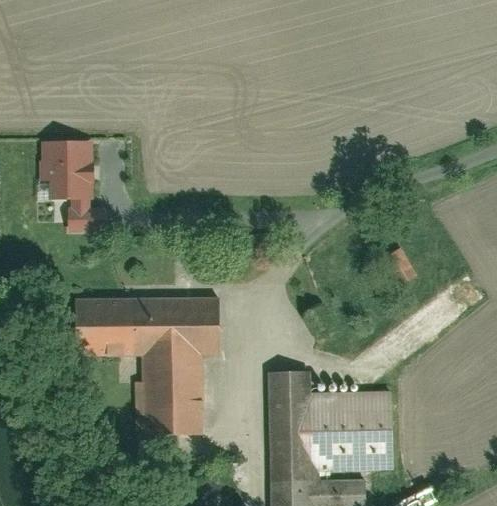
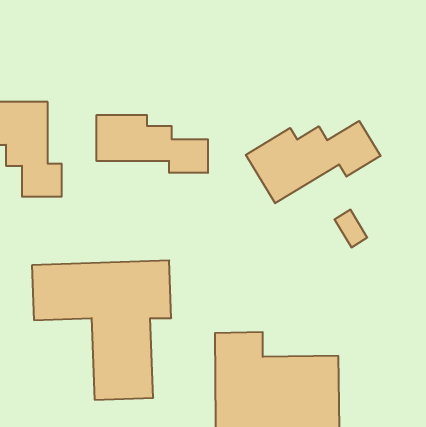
building: none -> [97,115,208,173]
building: none -> [246,121,381,203]

